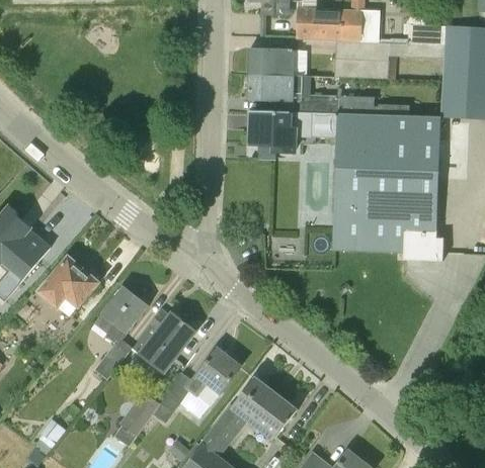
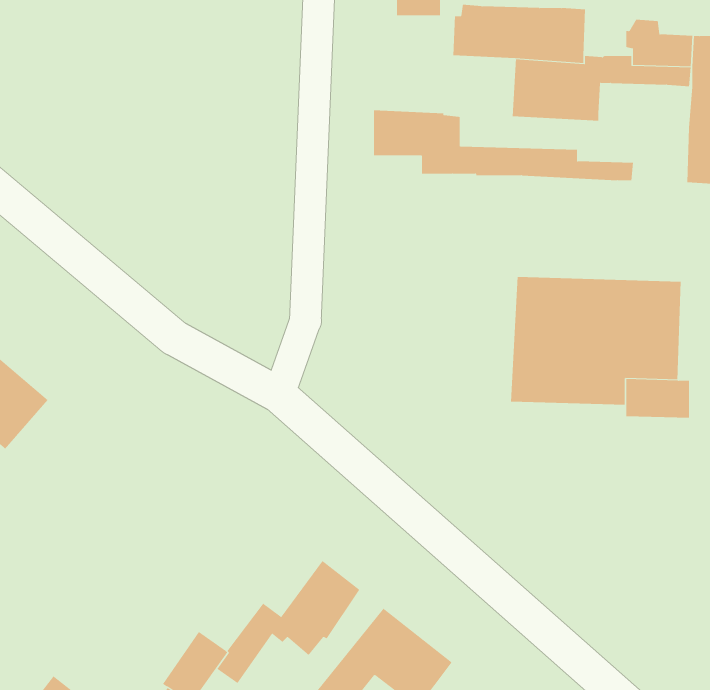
building: [248,46,293,73] -> none
building: [247,110,311,157] -> none
building: [336,111,438,176] -> none
building: [42,257,98,314] -> none
building: [94,285,148,378] -> none
building: [131,312,194,372] -> none

